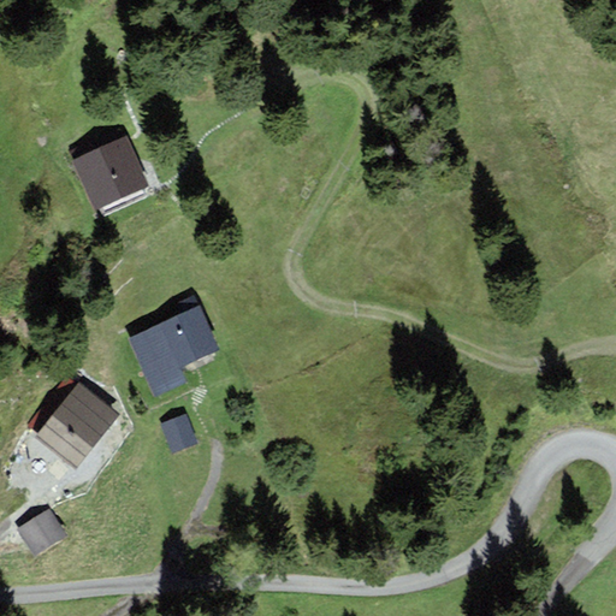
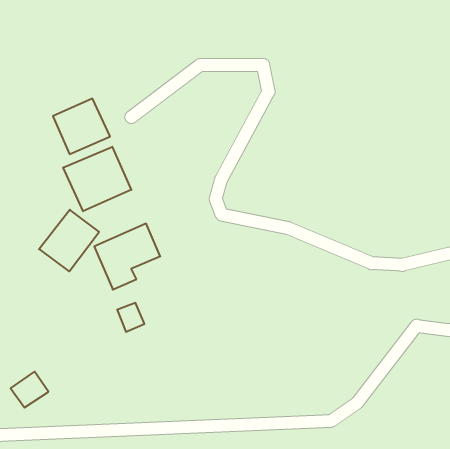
building: none -> [63,147,131,211]
building: [36,384,118,468] -> [39,210,99,271]

